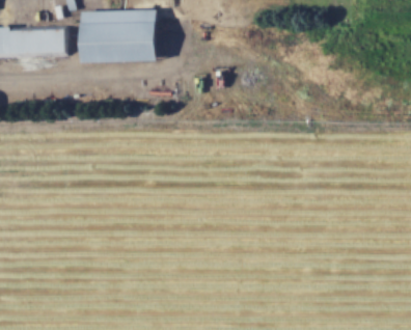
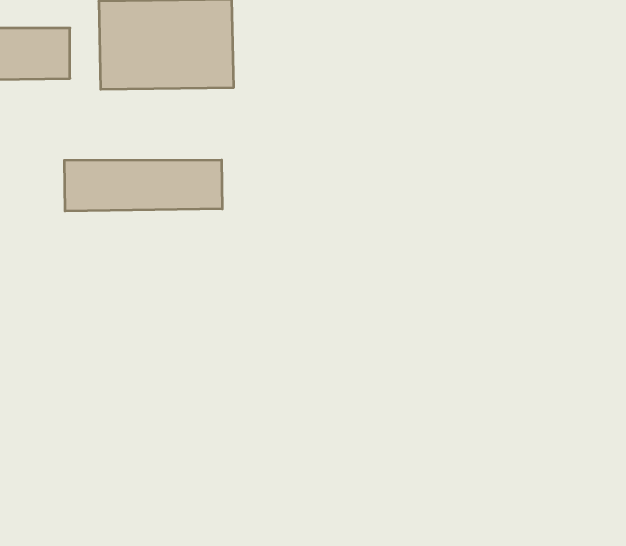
building: none -> [64,160,222,211]

